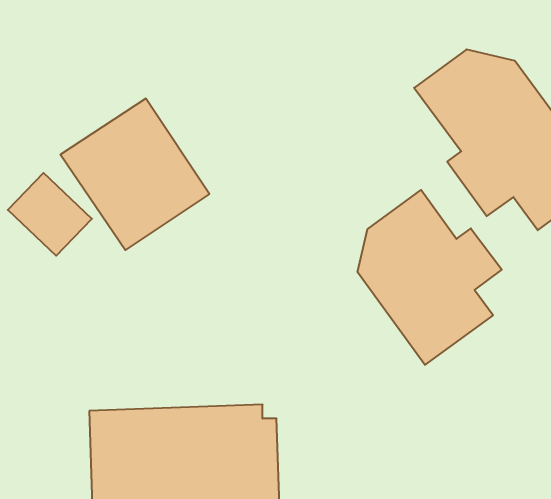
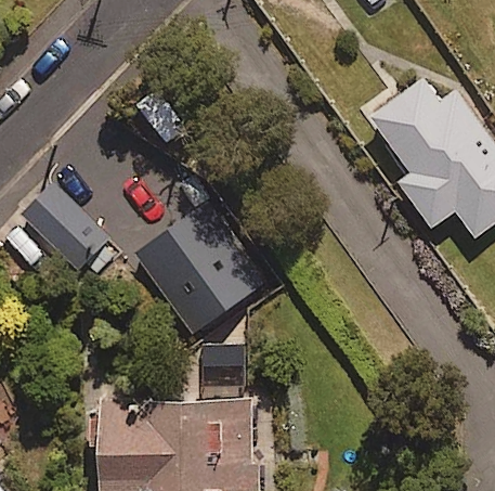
building: [60,99,209,250] -> [138,215,264,344]
building: [358,190,502,365] -> none

